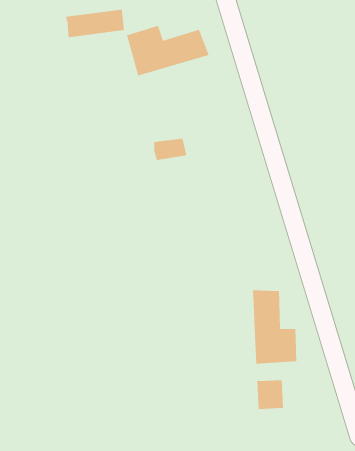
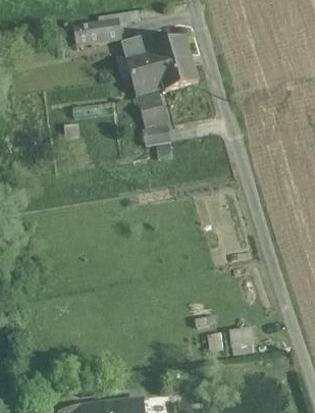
building: none -> [130,59,197,126]
building: [252,289,297,365] -> none

